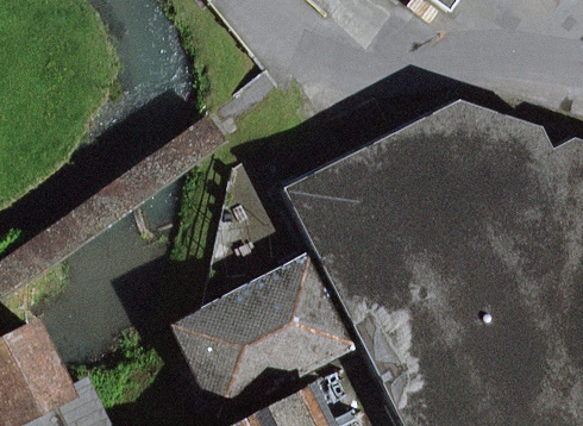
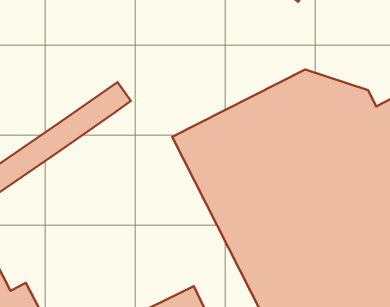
building: [181,263,350,407] -> none

